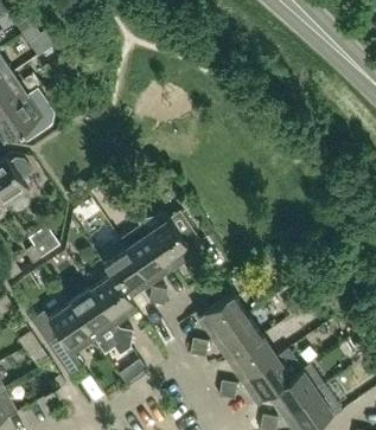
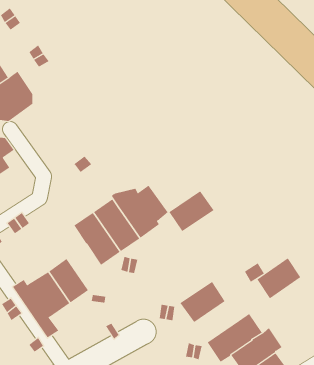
building: [91,275,138,325] -> none
building: [199,294,249,339] -> [169,190,215,232]
building: [229,336,278,381] -> [256,258,301,299]

